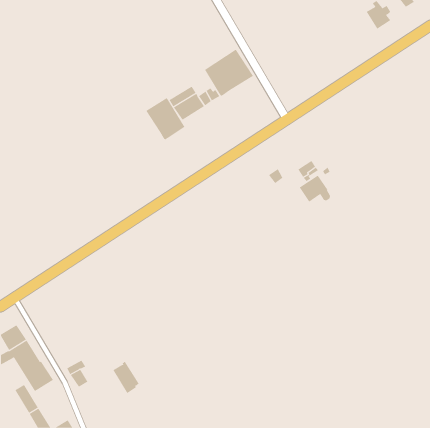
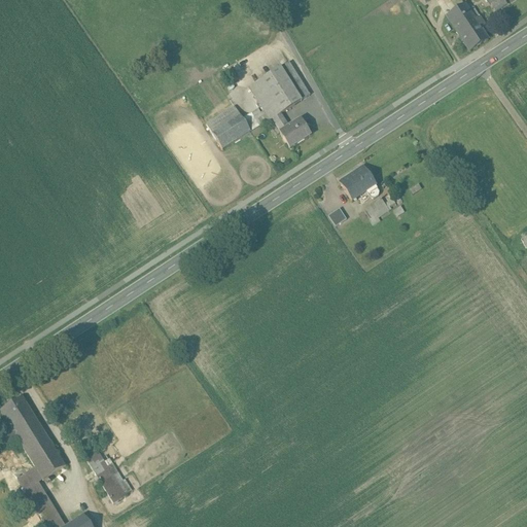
building: none -> [461,14,487,49]
building: none -> [274,111,311,145]
building: [146,97,185,141] -> none
building: [299,175,331,203] -> [341,165,380,199]
building: [112,361,139,394] -> [97,462,130,502]

